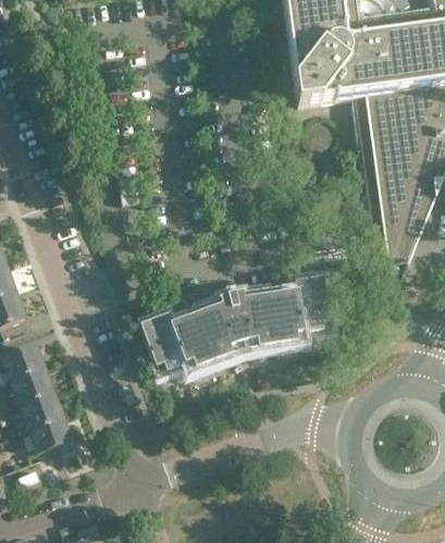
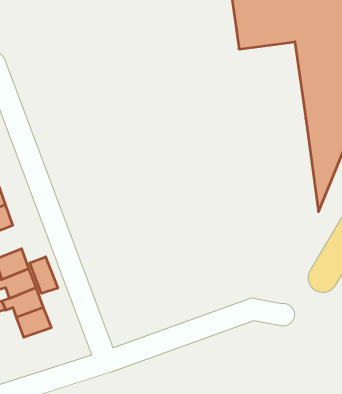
building: [139,276,330,371] -> none
building: none -> [30,257,58,293]

